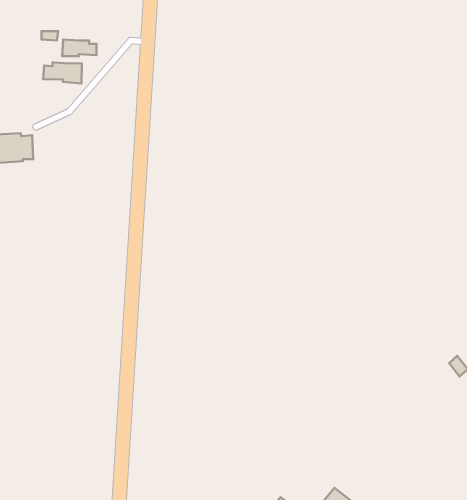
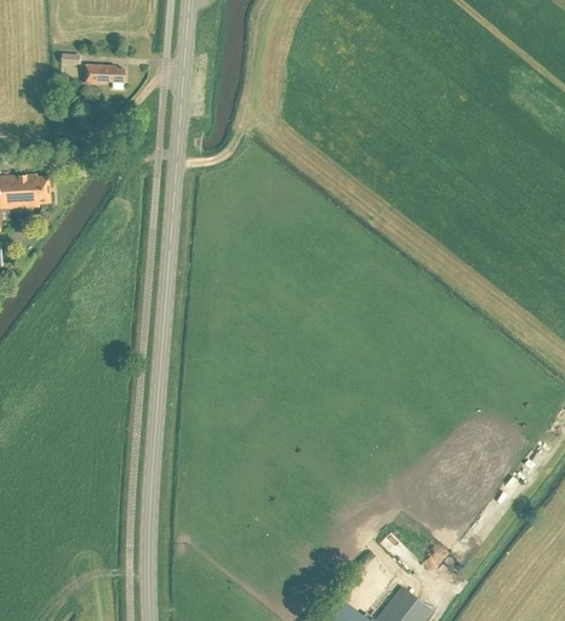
building: [43,62,82,83] -> none

